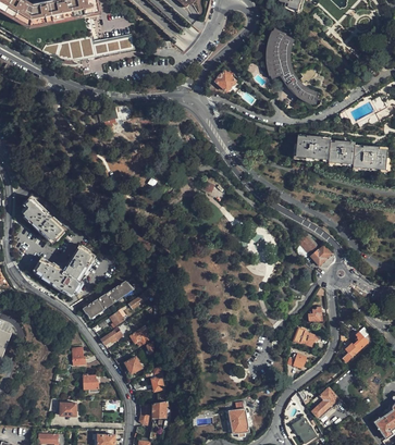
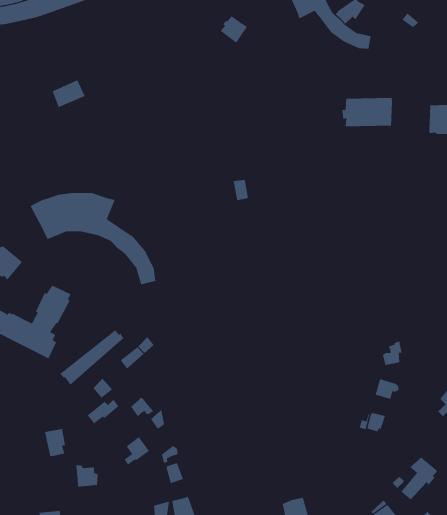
building: [328,140,355,162] -> none
building: none -> [30,192,156,285]
building: [296,232,330,264] -> none

